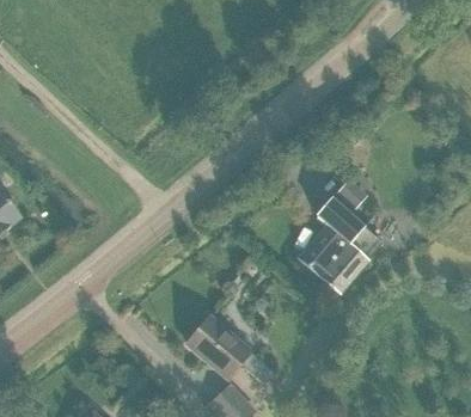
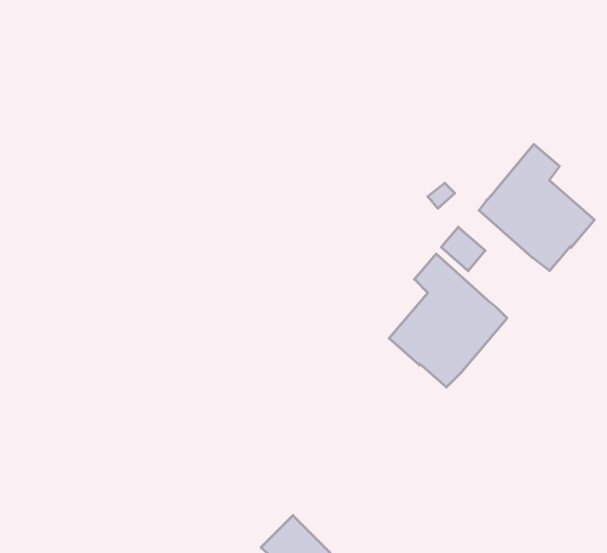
building: none -> [479,144,594,271]
building: [186,317,274,384] -> none

